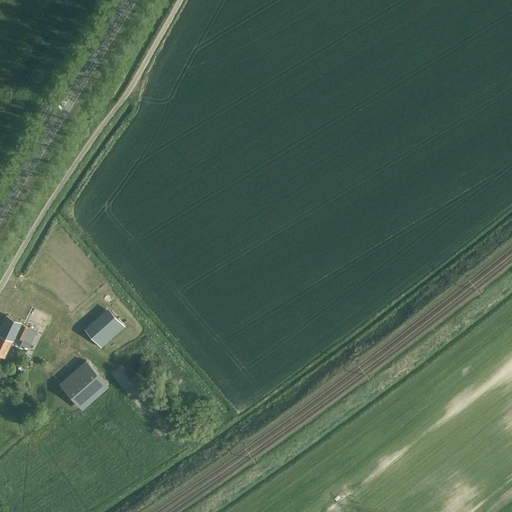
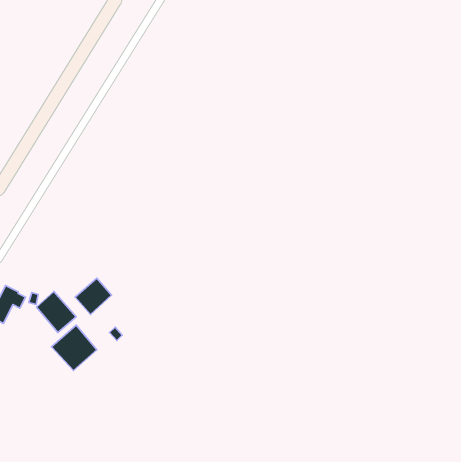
building: none -> [36,291,76,333]

